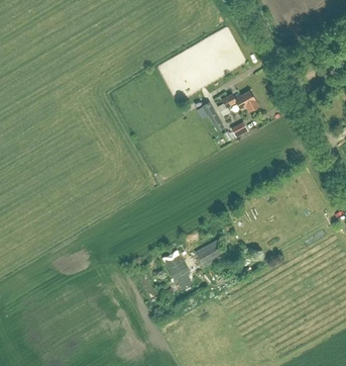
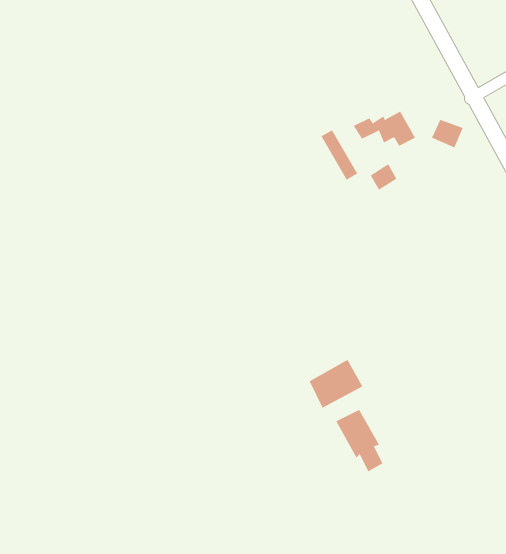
building: [163,251,192,288] -> [336,409,383,472]

